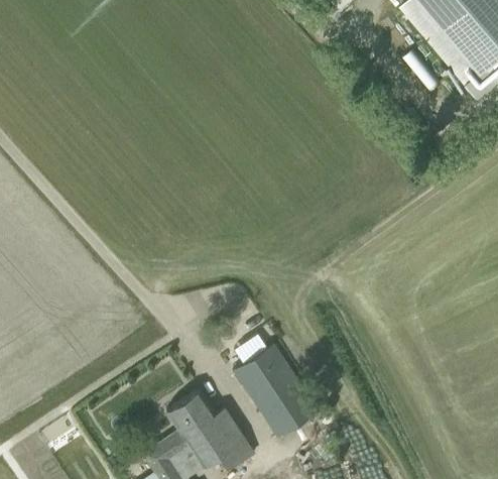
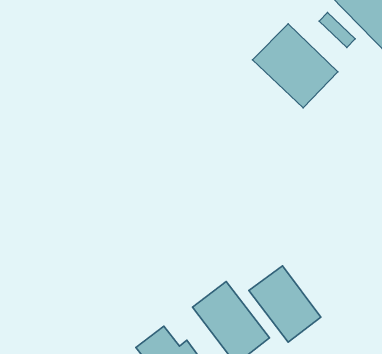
building: none -> [253,24,338,108]
building: none -> [249,266,321,342]

